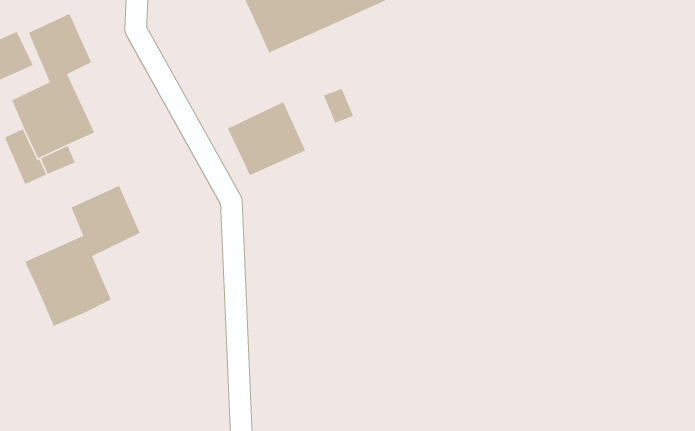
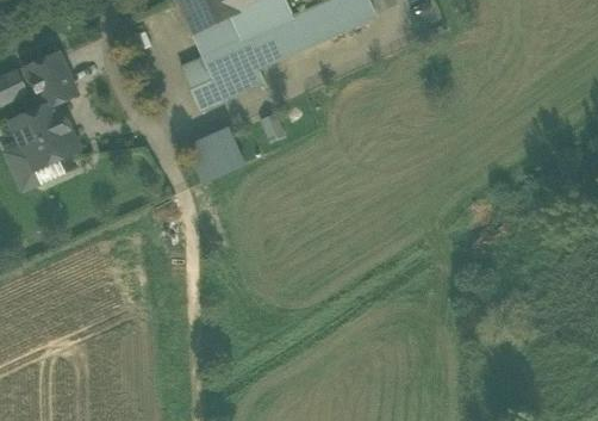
building: none -> [181,56,264,110]
building: [24,185,141,327] -> none

